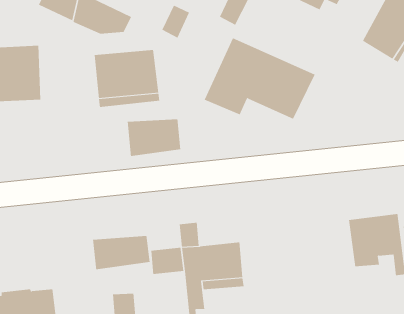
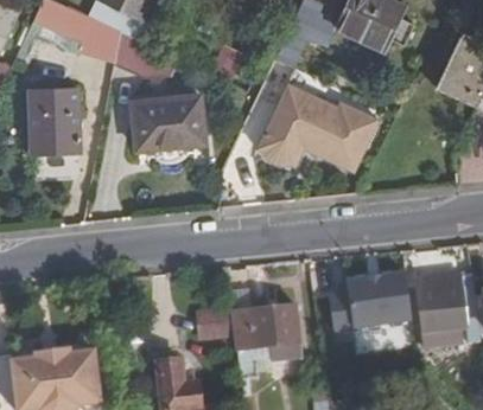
building: [127,118,181,157] -> none
building: none -> [325,269,403,328]
building: [93,235,150,270] -> none

